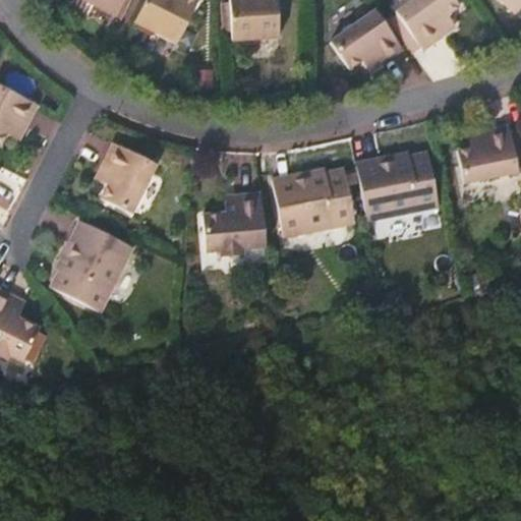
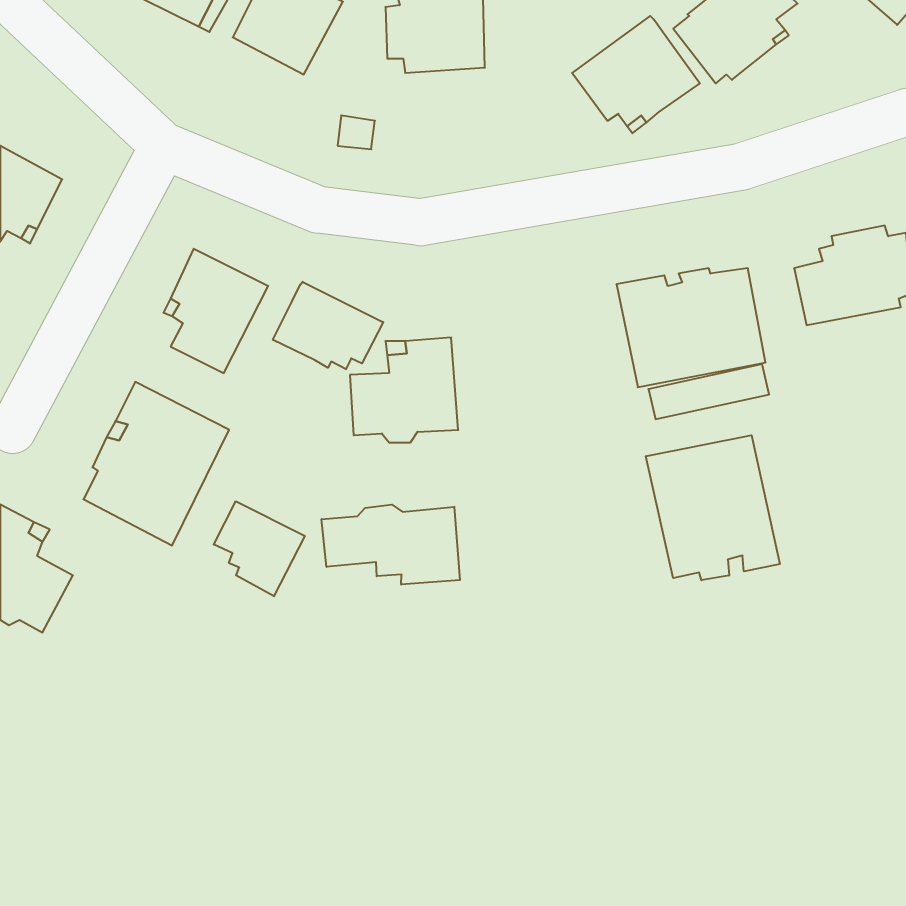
building: none -> [273,282,383,369]
building: [273,168,356,237] -> none
building: none -> [646,435,780,580]
building: none -> [214,501,305,596]
building: none -> [322,505,460,585]

